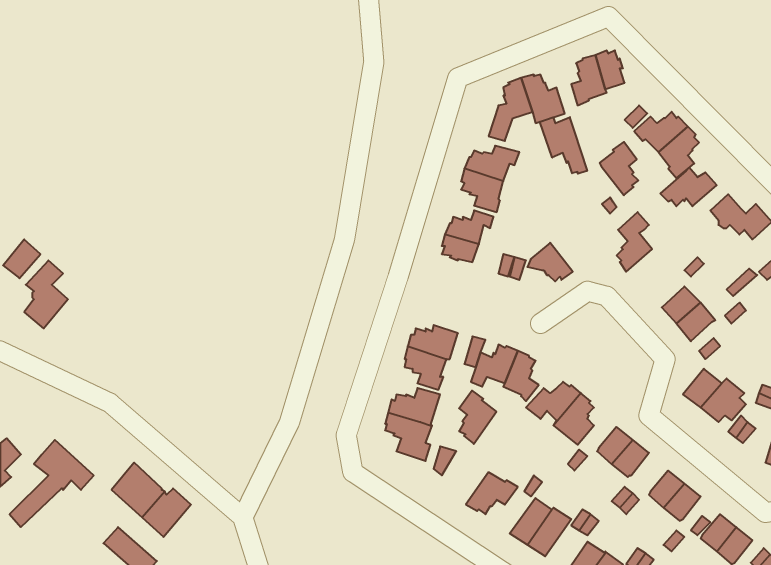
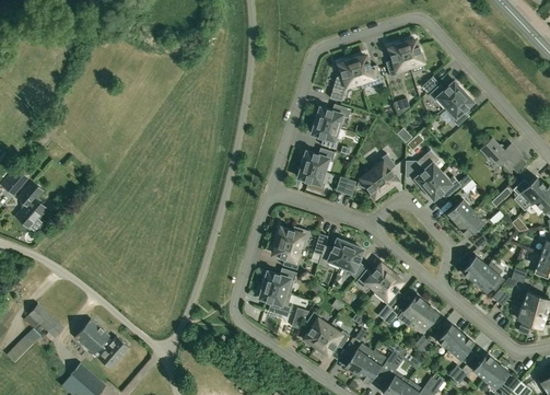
building: [540,117,587,174] -> none
building: [600,142,638,195] -> [371,154,397,190]
building: [660,167,717,206] -> [423,173,461,199]
building: [459,391,496,444] -> [305,312,330,348]

